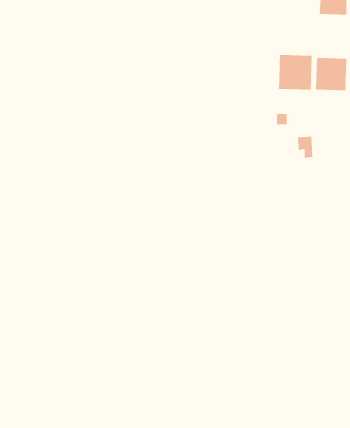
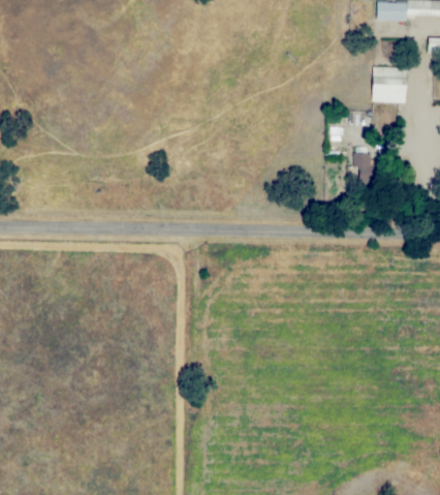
building: [278,54,312,90] -> none

